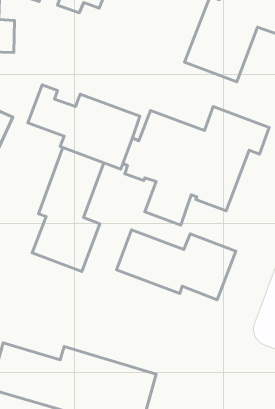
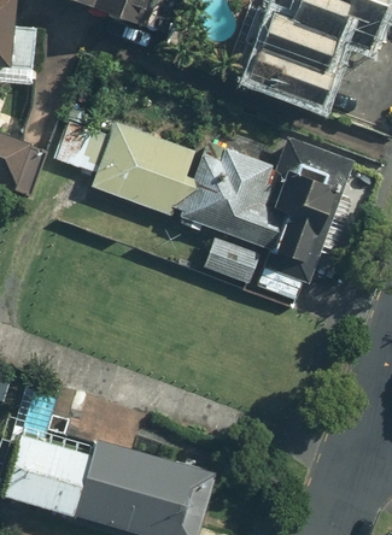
building: [32,148,104,272] -> none
building: [116,230,236,300] -> none

